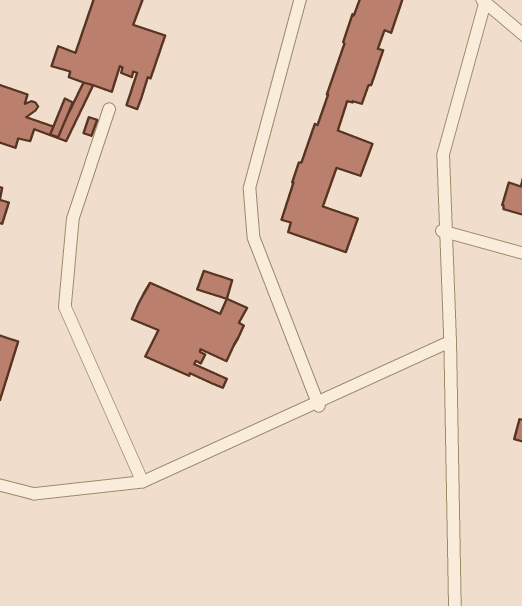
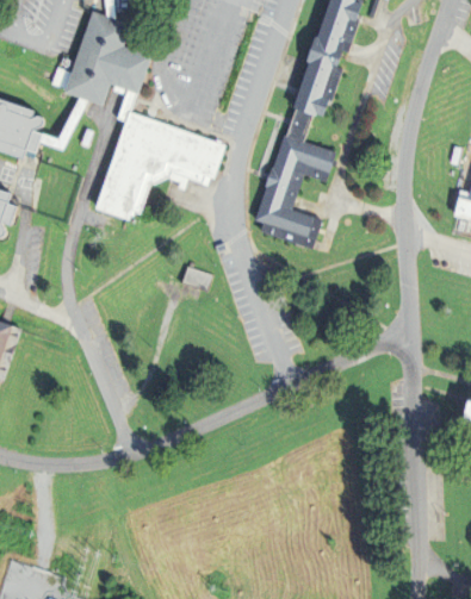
building: none -> [97,112,225,220]
building: [132,283,247,388] -> none

